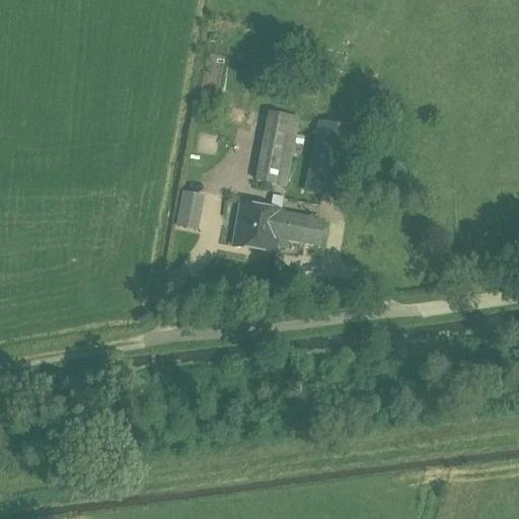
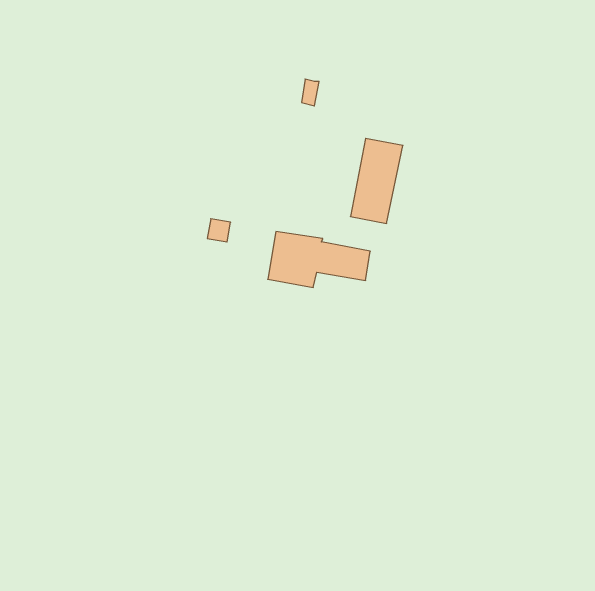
building: [254,106,299,184] -> none

